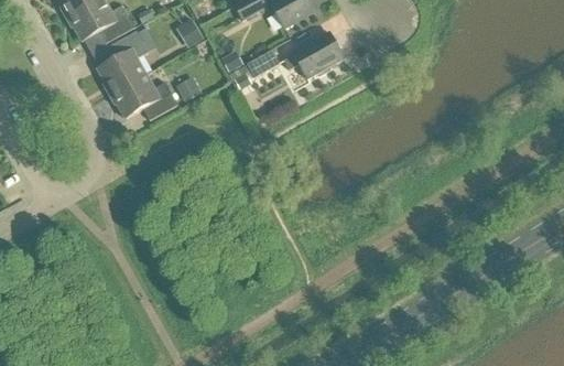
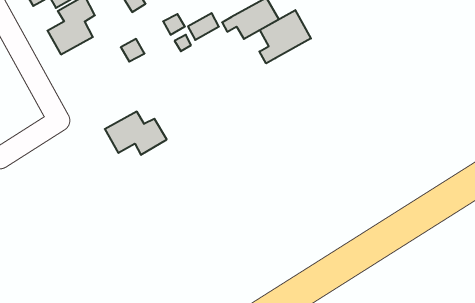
building: none -> [259,10,311,63]
building: [111,74,177,120] -> [105,112,167,155]

